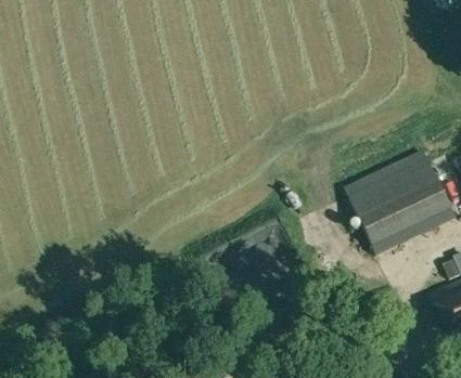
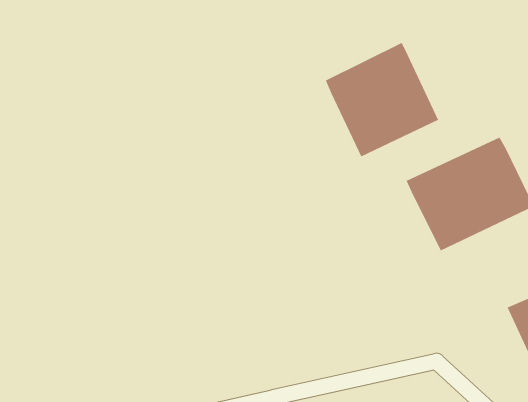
building: none -> [325,42,439,158]

